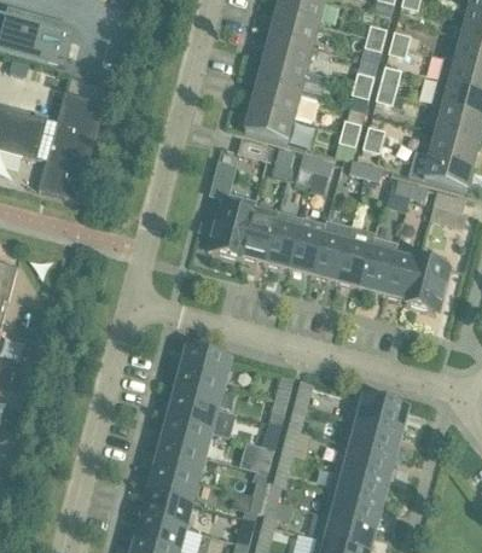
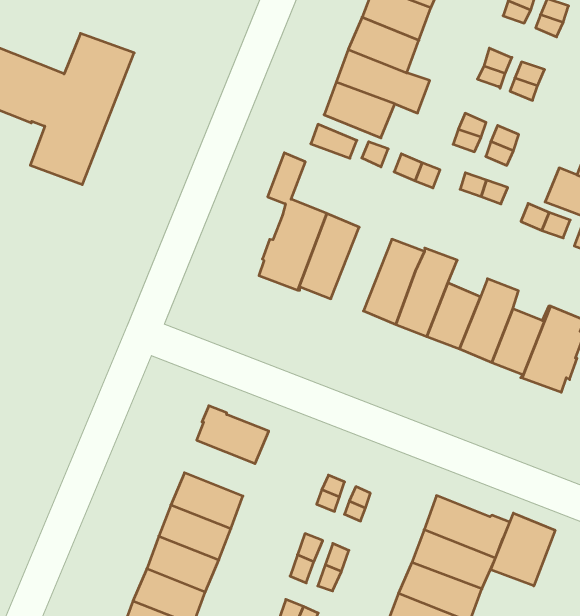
building: [263,209,302,268] -> none
building: [173,373,222,409] -> none
building: none -> [491,513,555,586]

